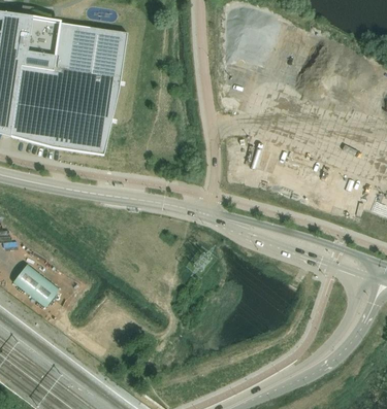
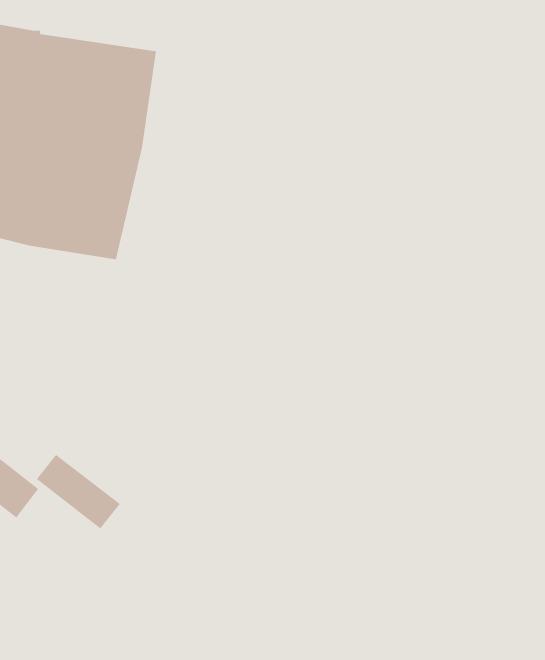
building: none -> [36,454,121,530]

